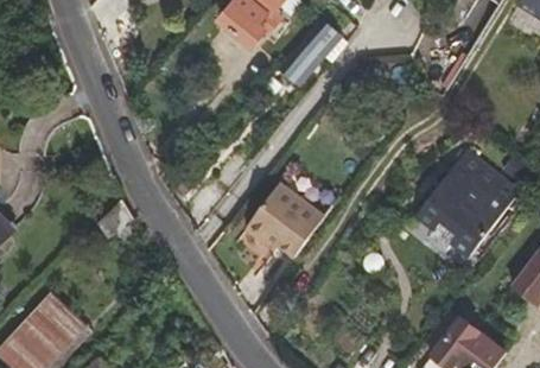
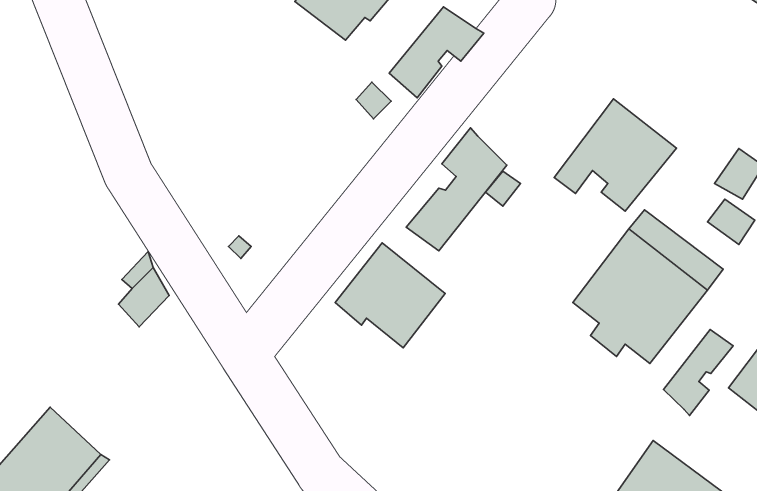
building: none -> [554,99,676,211]
building: none -> [406,128,507,251]
building: none -> [663,329,733,415]

